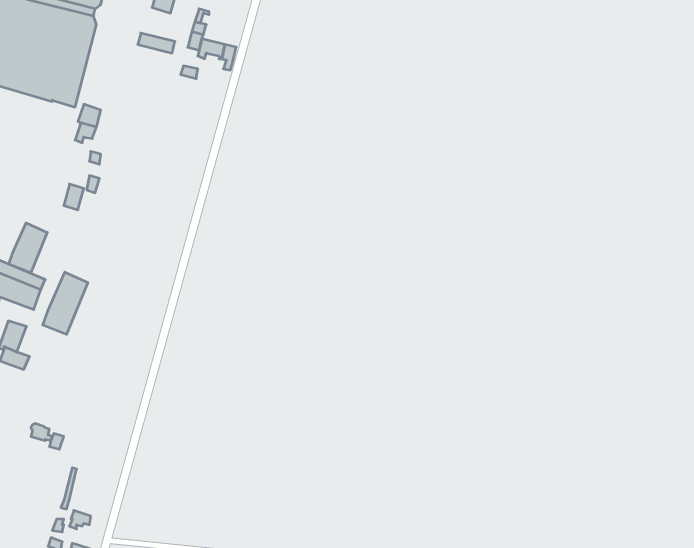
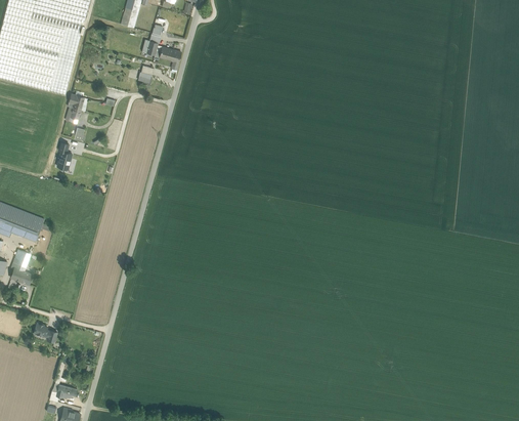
building: [9,223,47,273] -> none
building: [43,272,88,334] -> none

